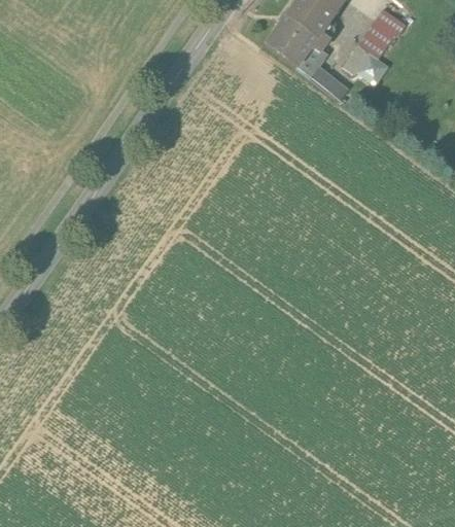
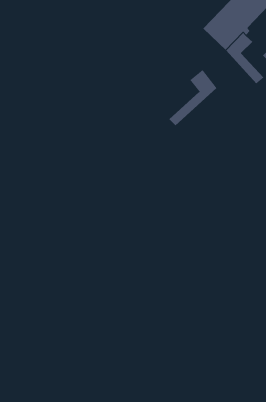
building: none -> [169,69,217,126]

